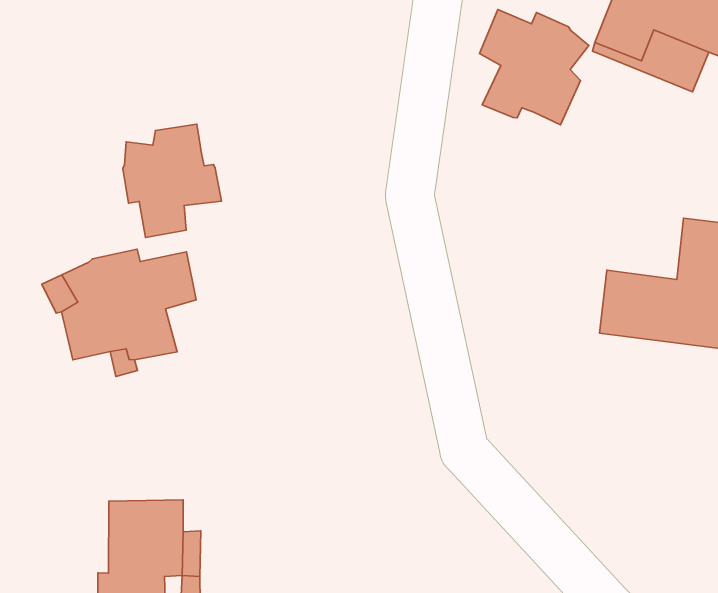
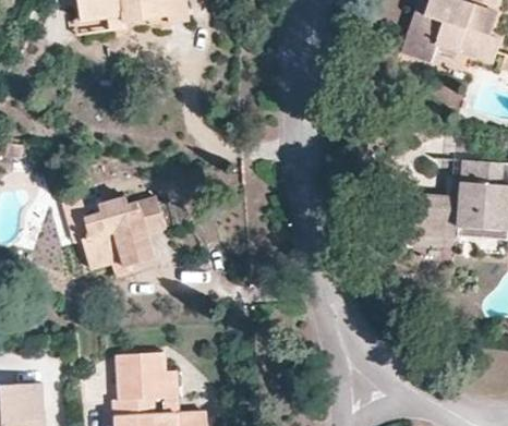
building: [479,9,589,125] -> none
building: [123,124,222,237] -> none

